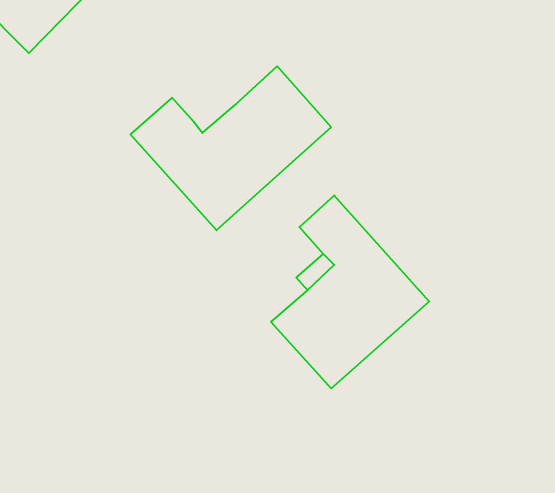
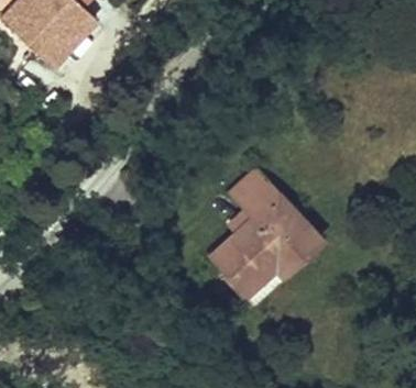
building: [131,66,331,230] -> none

